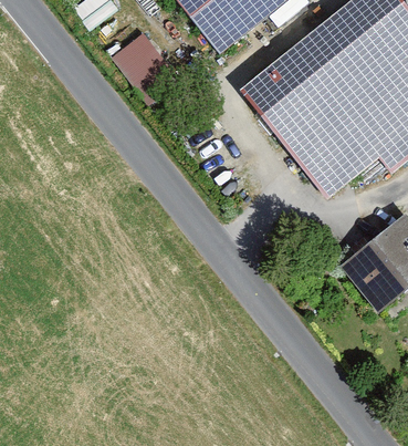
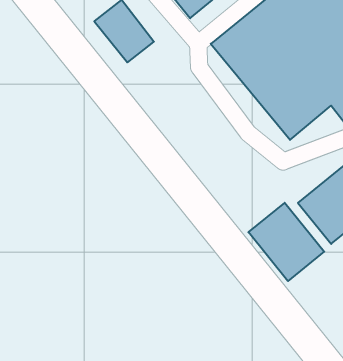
building: none -> [248,203,324,281]

